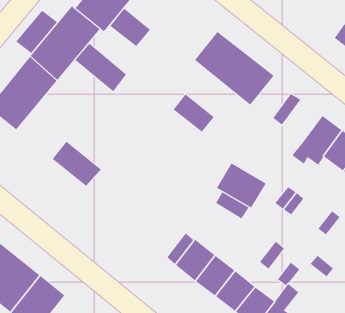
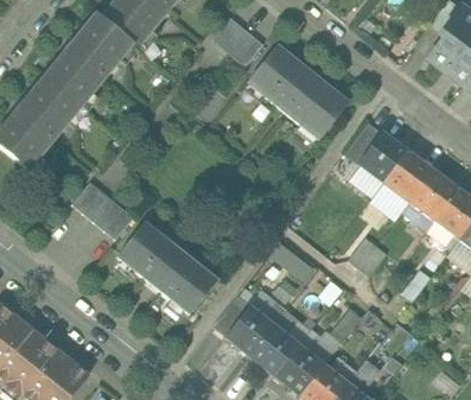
building: [110,8,151,47] -> [211,17,262,65]
building: [16,10,58,54] -> none
building: [75,43,127,92] -> none
building: [173,93,215,132] -> none
building: none -> [357,131,407,182]
building: [216,162,267,209] -> none
building: none -> [117,222,216,312]

